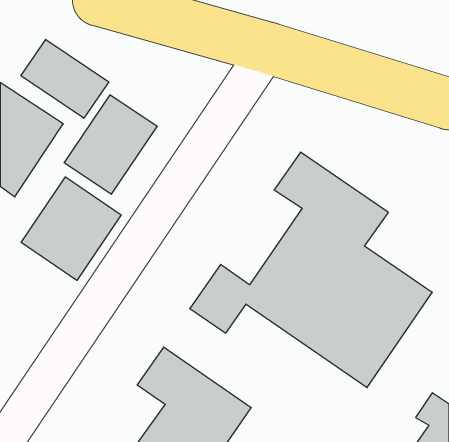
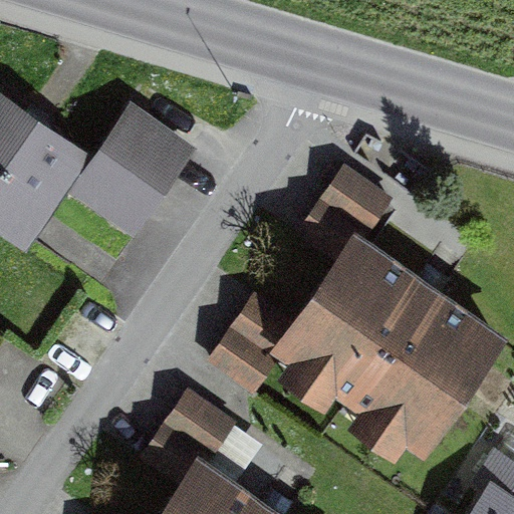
building: [21,39,109,118] -> none
building: [21,177,121,280] -> none

